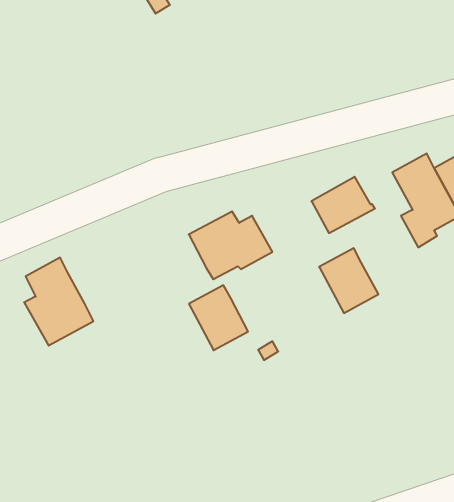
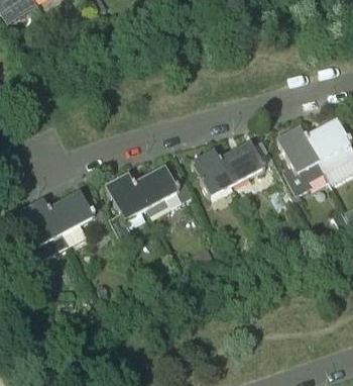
building: none -> [50,192,95,244]
building: [319,248,378,313] -> [192,150,233,195]
building: [189,285,248,350] -> [106,174,147,219]

